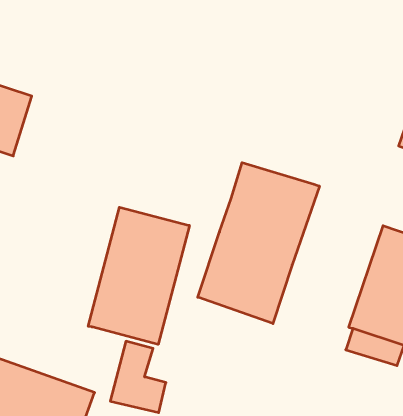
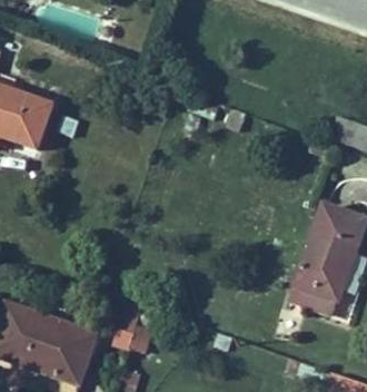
building: [198,163,319,324] -> none
building: [88,207,189,344] -> none

